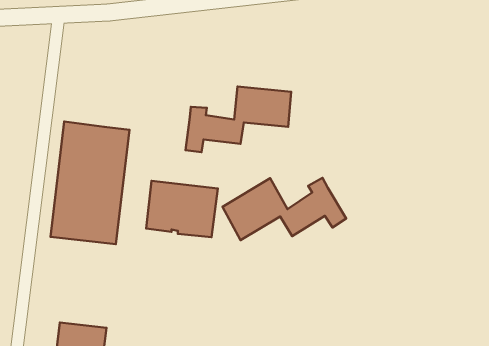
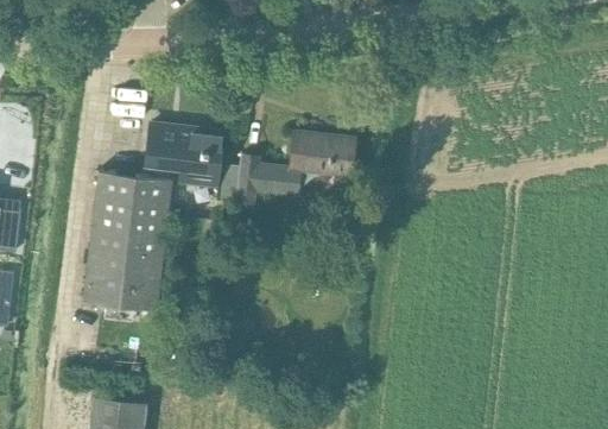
building: [222,178,346,240] -> none
building: [146,181,218,237] -> [144,124,224,187]

